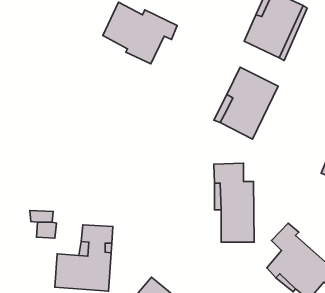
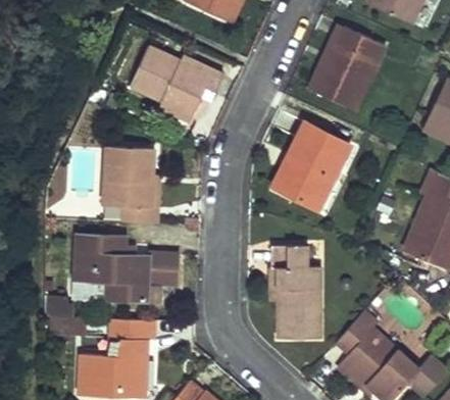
building: none -> [105,143,160,218]
building: none -> [72,233,178,301]

